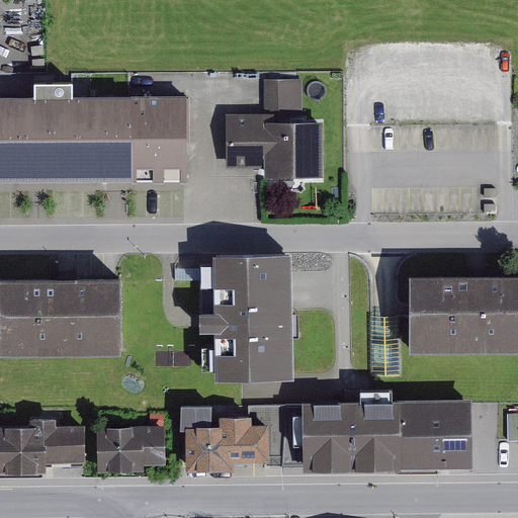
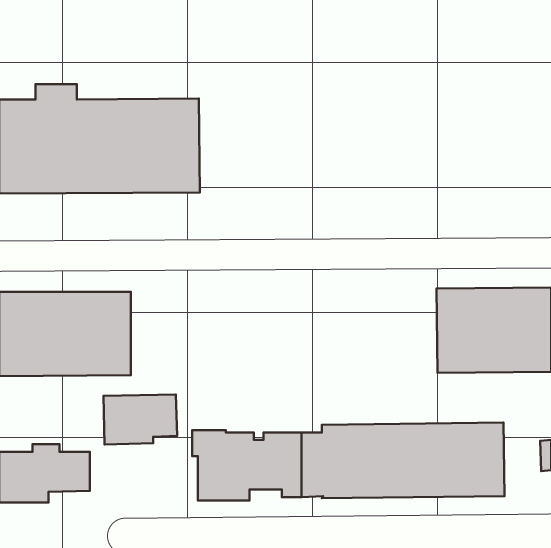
building: [226,83,325,180] -> none
building: [198,252,293,380] -> none
building: [96,428,165,474] -> [104,395,177,444]

